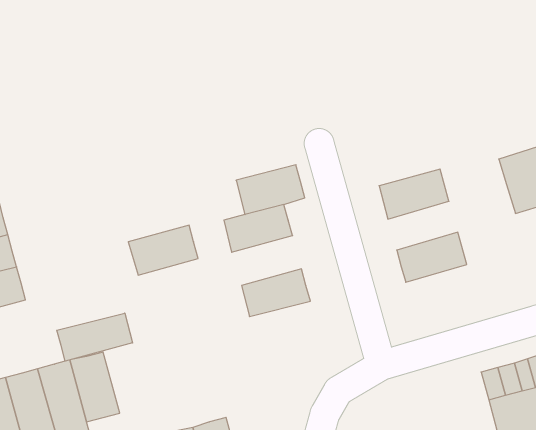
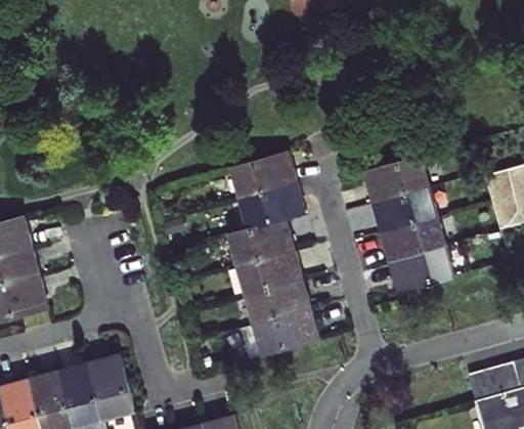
building: none -> [233,153,297,197]
building: none -> [364,156,430,202]
building: none -> [382,216,446,261]
building: [128,225,198,275] -> [237,248,302,294]
building: none -> [239,308,318,357]
building: [57,313,133,361] -> none

